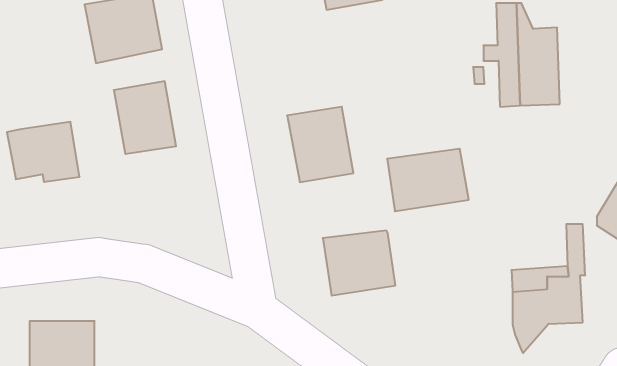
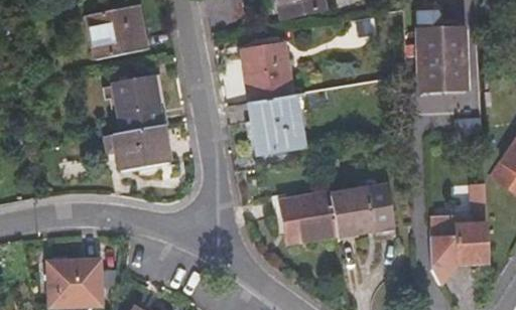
building: none -> [244,42,294,101]
building: [7,122,80,182] -> [113,125,170,172]
building: [387,149,469,211] -> [331,185,395,235]

